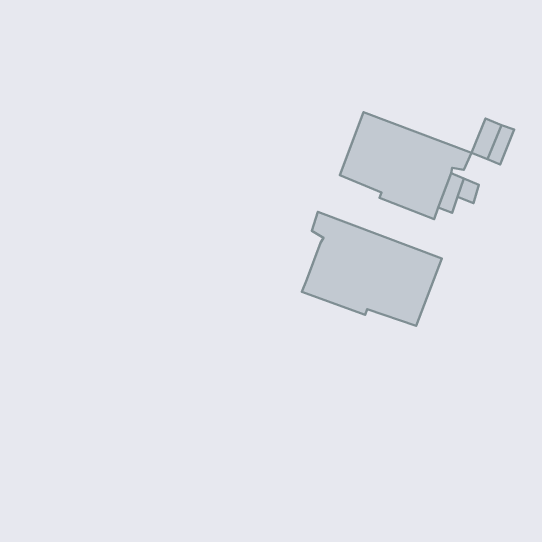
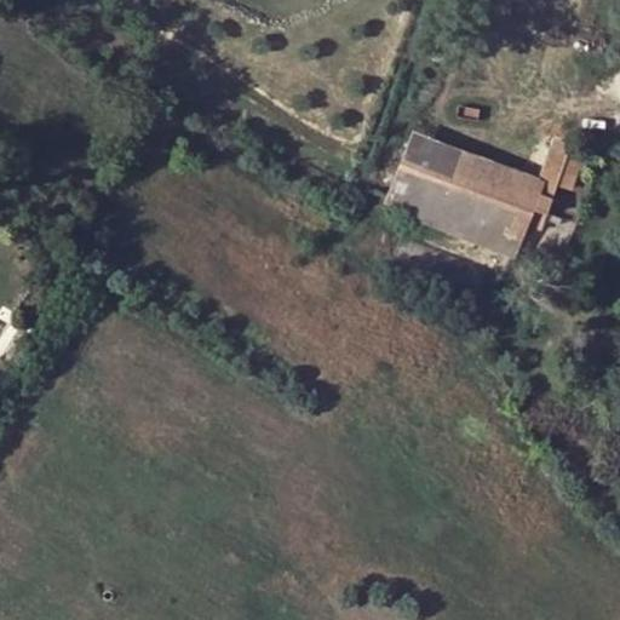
building: [302,212,442,326] -> none

